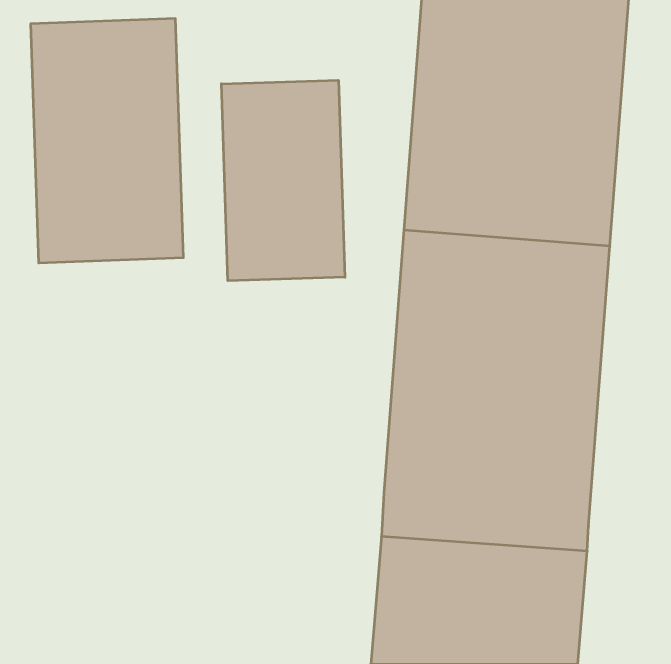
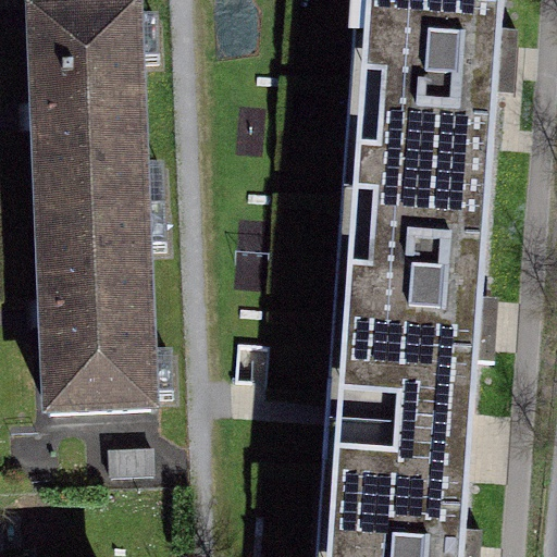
building: [221,80,345,281] -> none
building: none -> [32,211,158,411]

